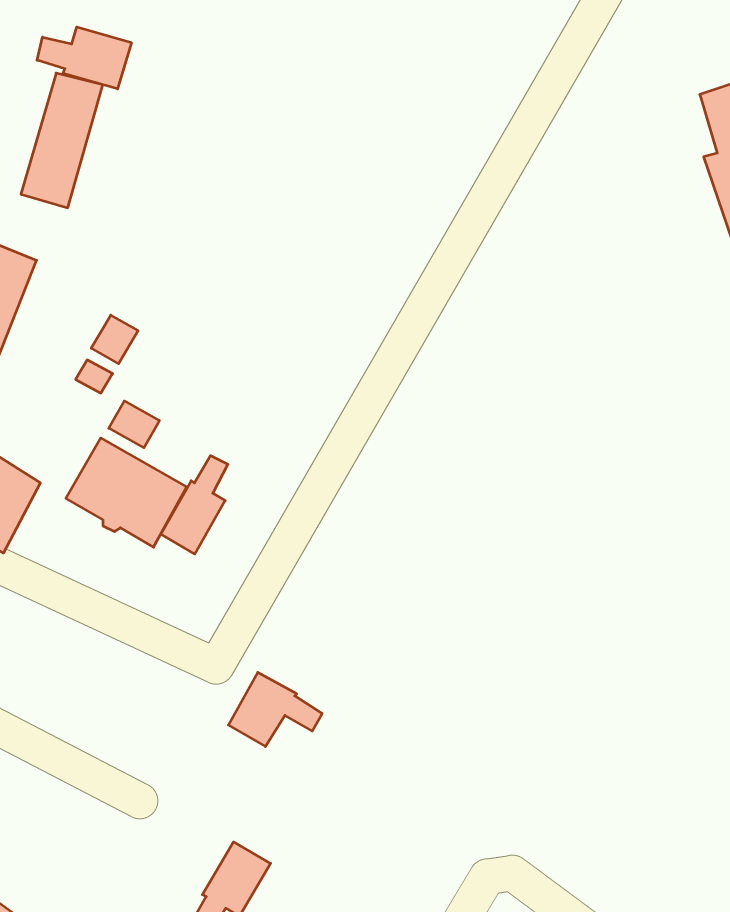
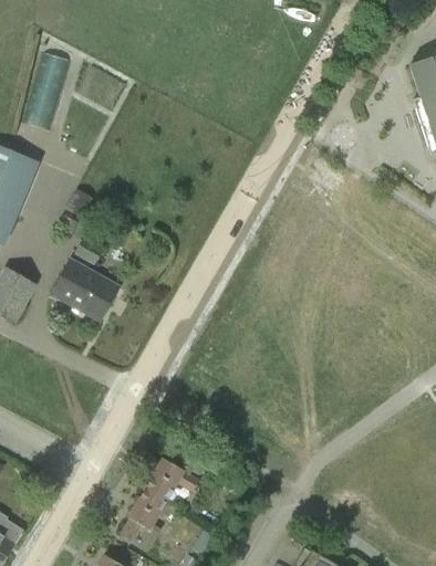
building: [37,27,131,89] -> none
building: [161,456,228,554] -> none
building: [228,672,322,747] -> [145,458,198,500]

